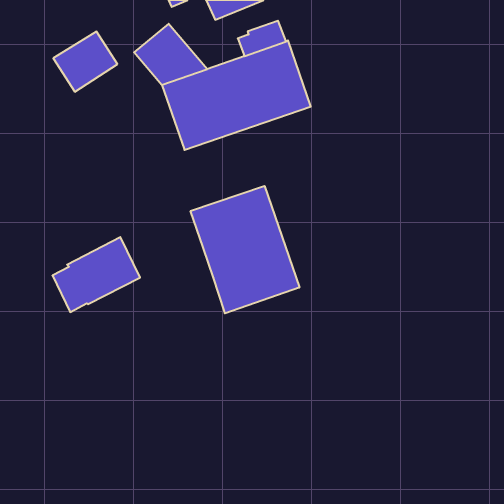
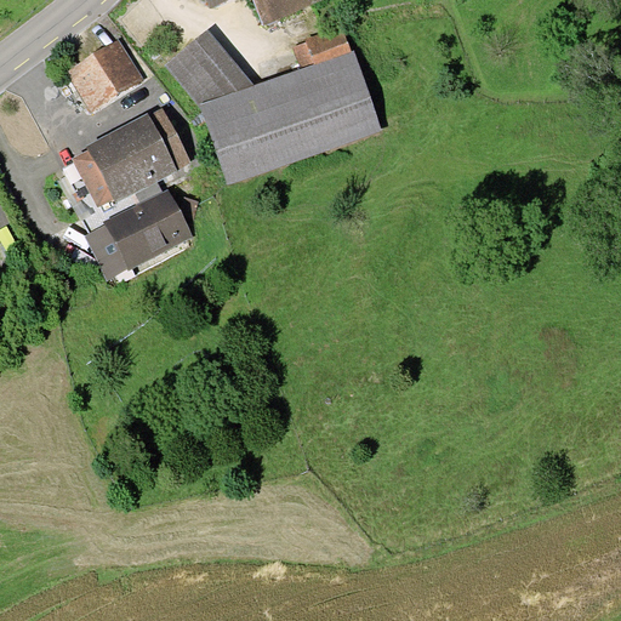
building: none -> [72,108,192,207]
building: [191,186,299,313] -> none
building: [52,237,140,312] -> [85,188,193,280]

